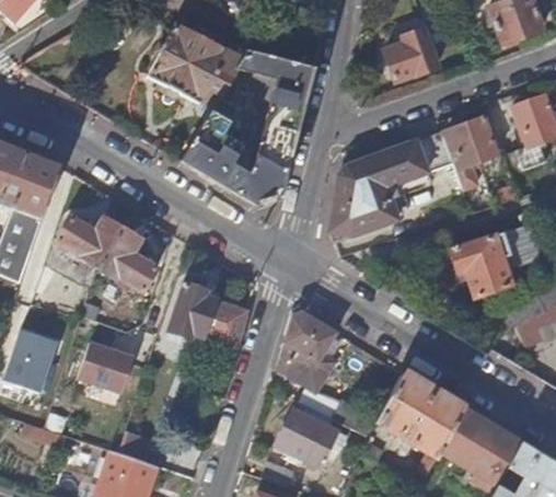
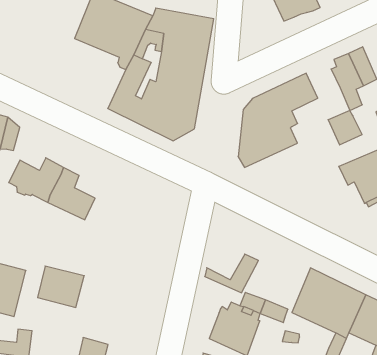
building: [416,131,454,171] -> [328,110,362,145]
building: [171,279,247,343] -> none
building: [279,311,335,374] -> none

